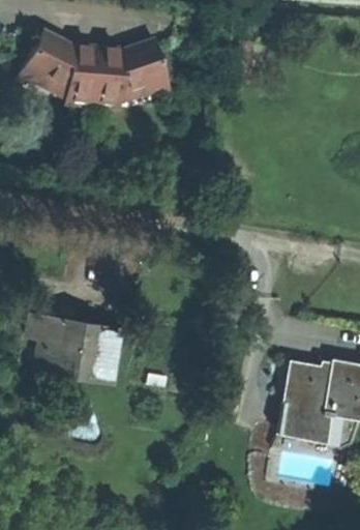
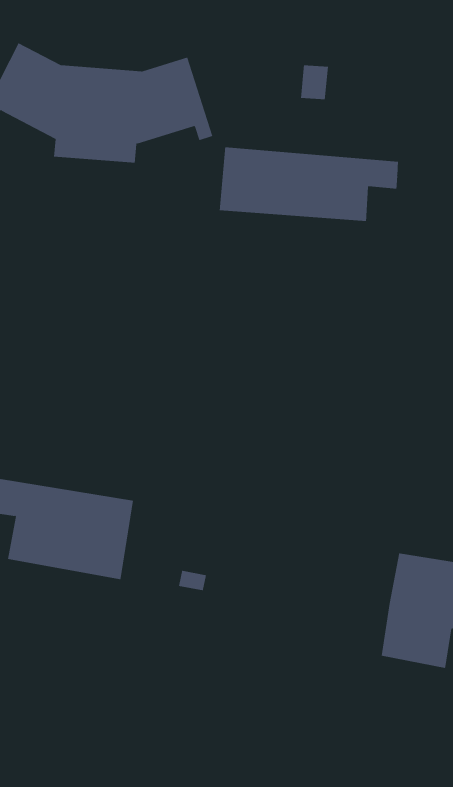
building: none -> [219,146,399,222]

